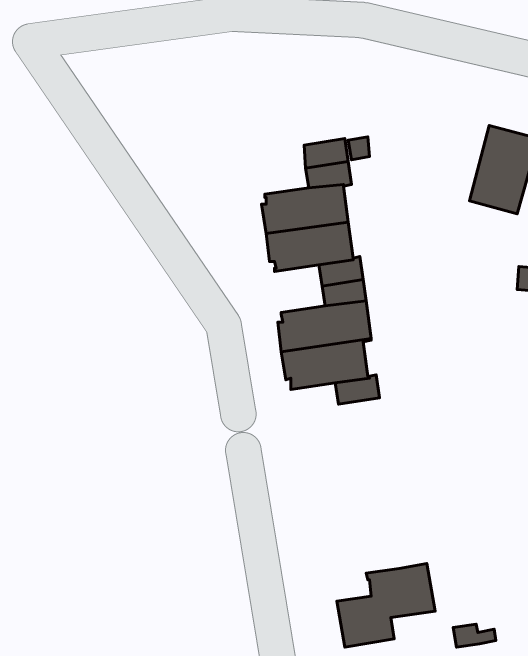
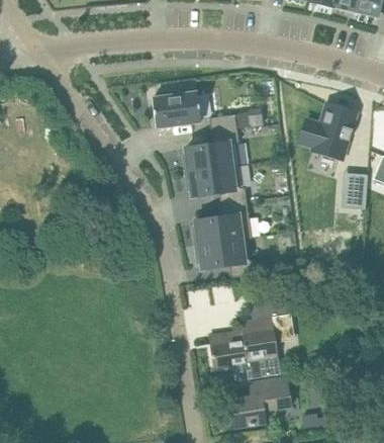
building: none -> [152,90,200,126]
building: none -> [210,294,290,379]

